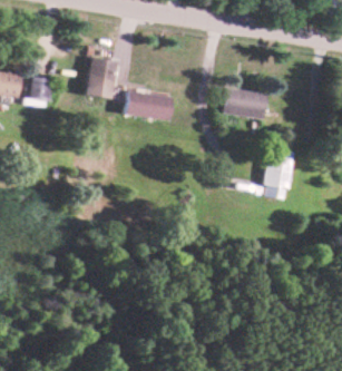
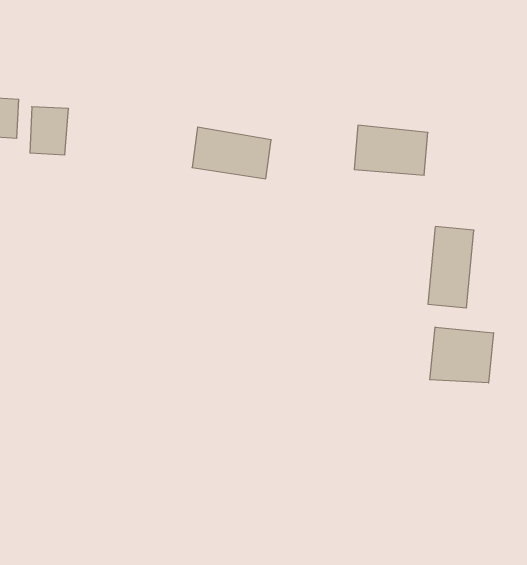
building: [84,57,115,98] -> none
building: none -> [430,327,494,383]

